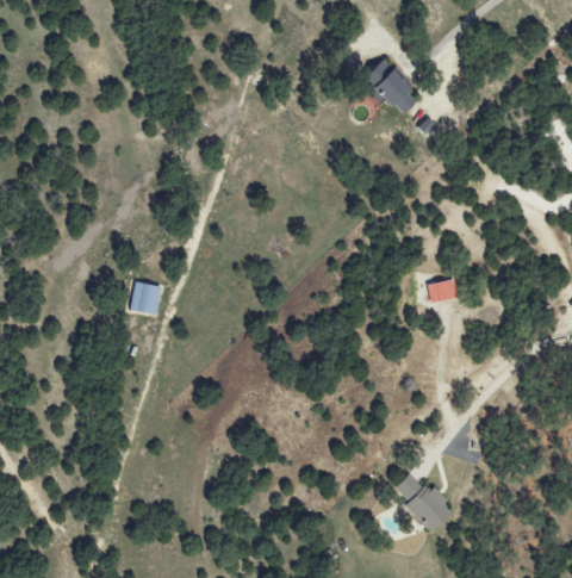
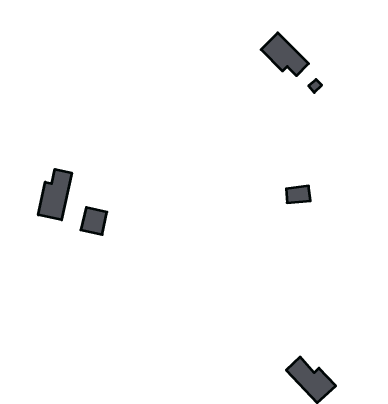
building: none -> [38,169,72,220]
building: [429,280,460,302] -> [286,186,310,203]

